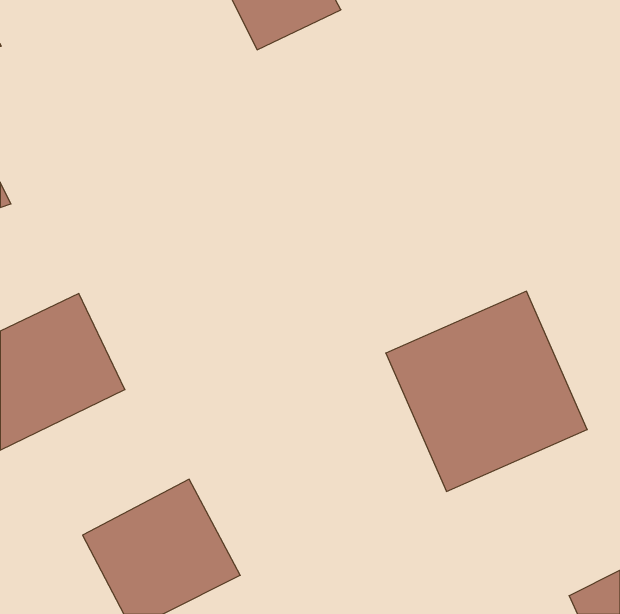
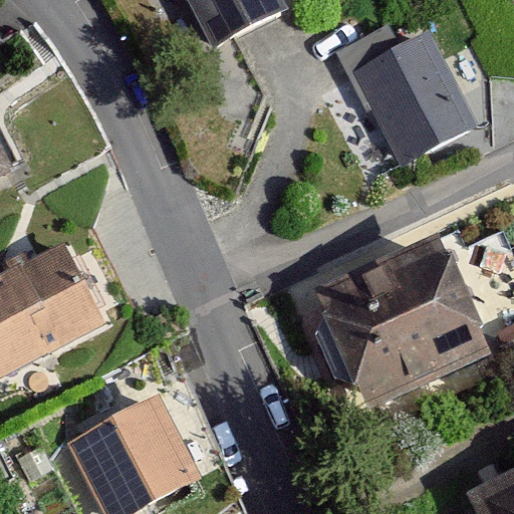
building: none -> [340,28,474,164]

